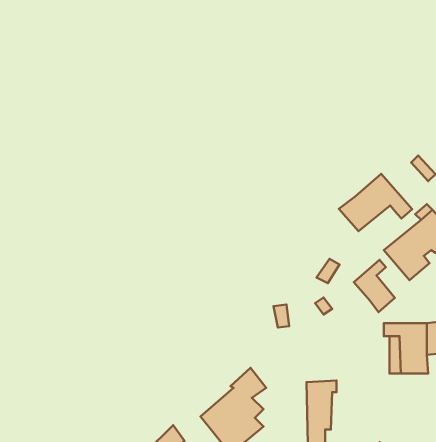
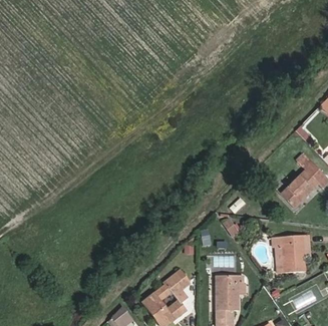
building: [339,174,412,231] -> none
building: [354,260,395,312] -> none

